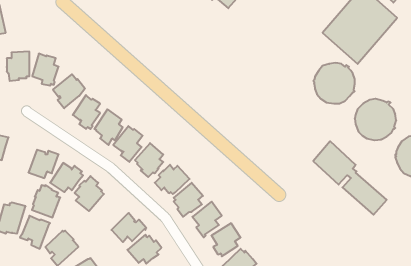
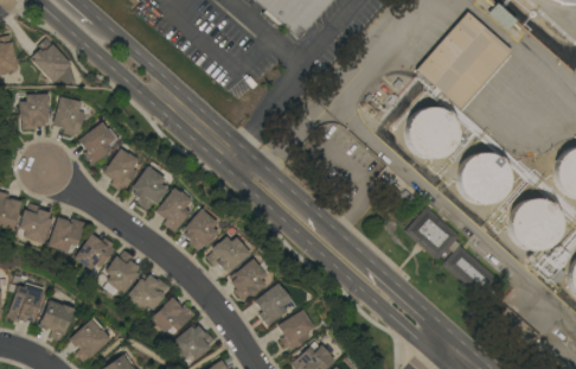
building: none -> [31,37,71,82]
building: [32,185,60,217] -> [18,203,53,243]
building: none -> [127,273,169,310]

